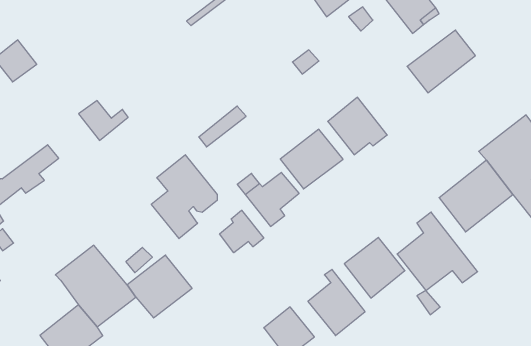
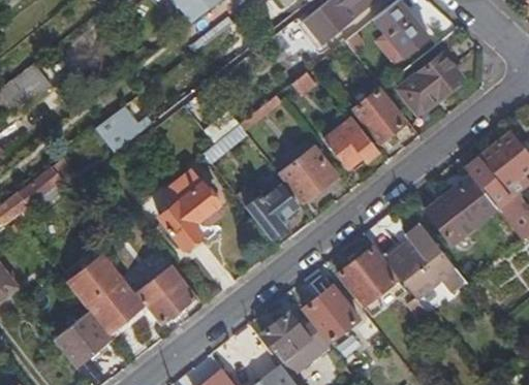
building: none -> [354,92,403,141]
building: [220,210,264,253] -> none

